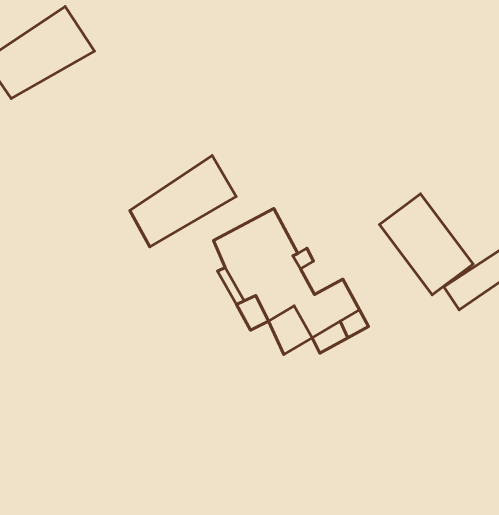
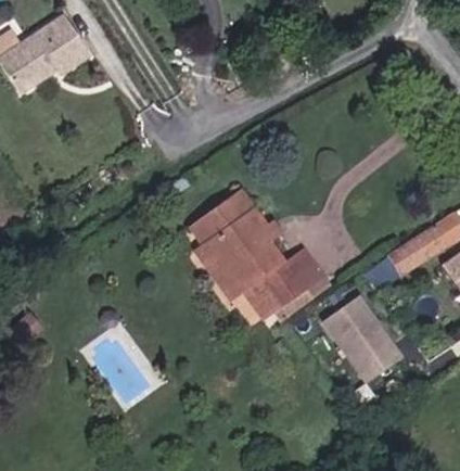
building: [130,156,236,247] -> none
building: [380,194,473,295] -> [323,295,403,381]

